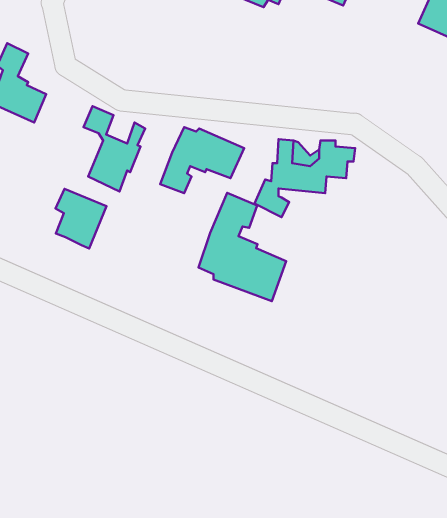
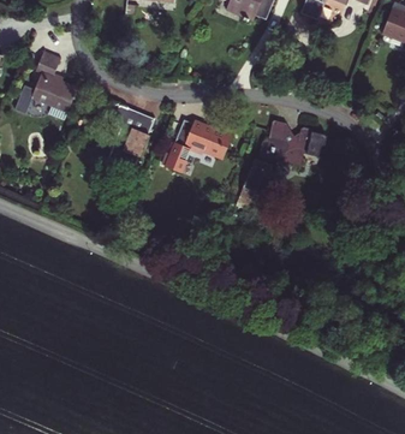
building: [55,189,107,249] -> none
building: [198,193,286,301] -> none

